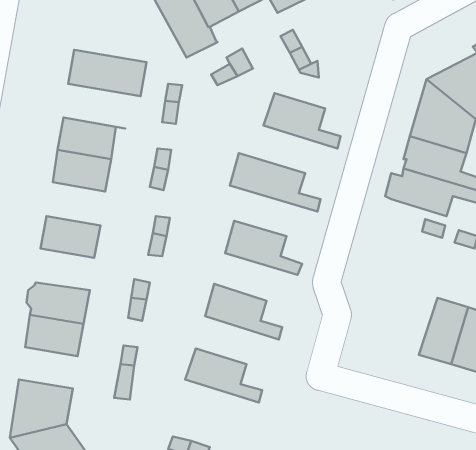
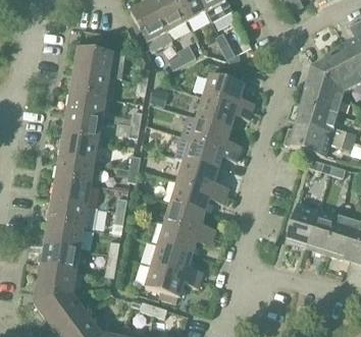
building: none -> [70,68,121,98]
building: none -> [197,96,252,127]
building: none -> [59,133,98,162]
building: none -> [174,135,239,169]
building: none -> [52,177,91,205]
building: none -> [170,180,225,212]
building: none -> [285,203,318,247]
building: none -> [158,222,213,254]
building: none -> [38,242,80,270]
building: none -> [145,264,200,301]

